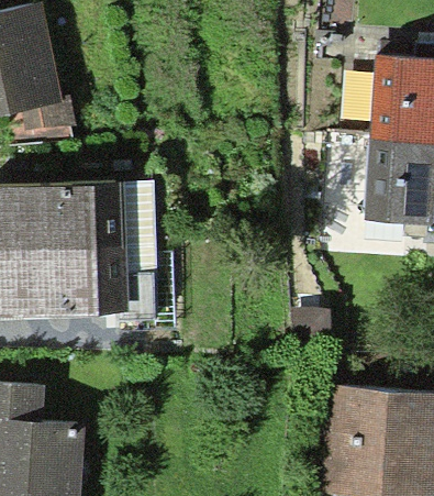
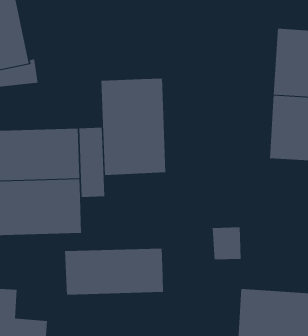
building: none -> [101,78,166,176]
building: none -> [64,248,164,296]

